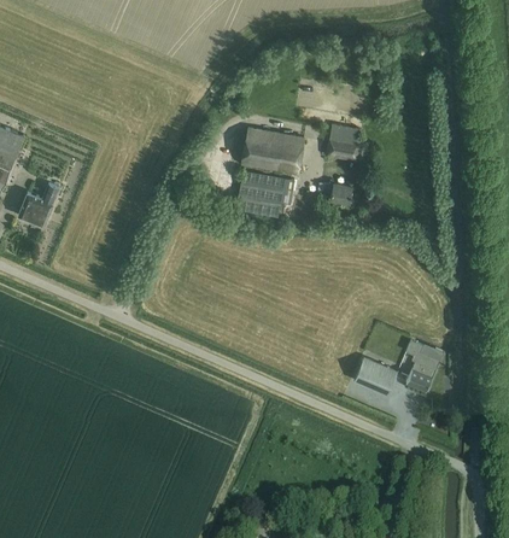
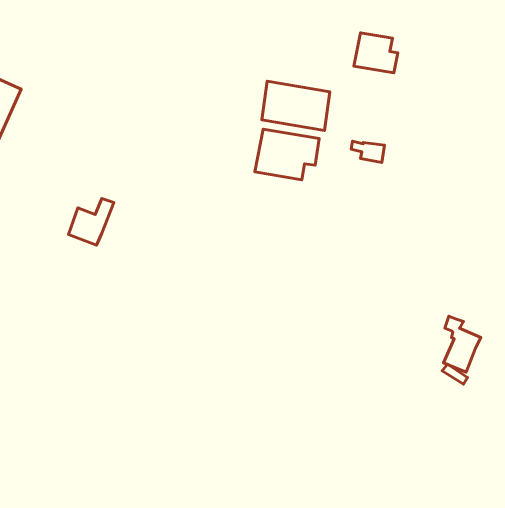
building: [326,124,365,160] -> [354,33,398,73]
building: [18,183,59,226] -> [68,199,114,245]
building: [353,357,397,394] -> none

